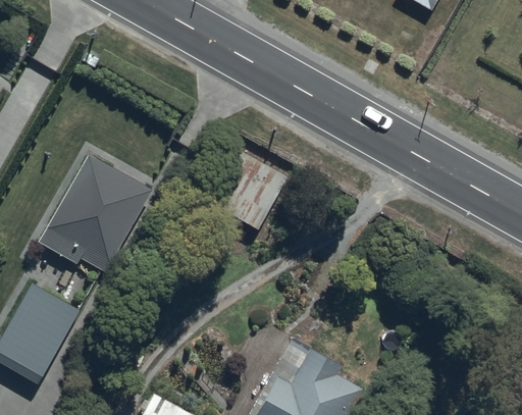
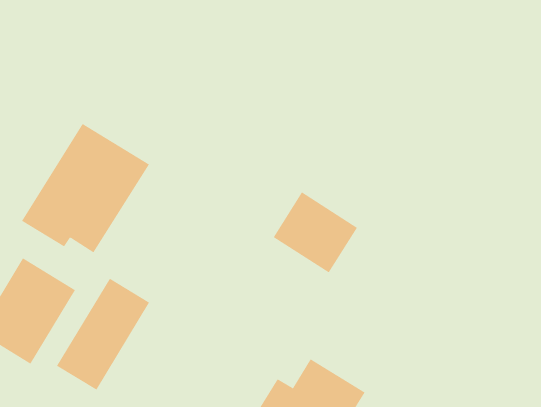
building: [212,150,288,221] -> [273,192,358,273]
building: none -> [56,278,150,390]

